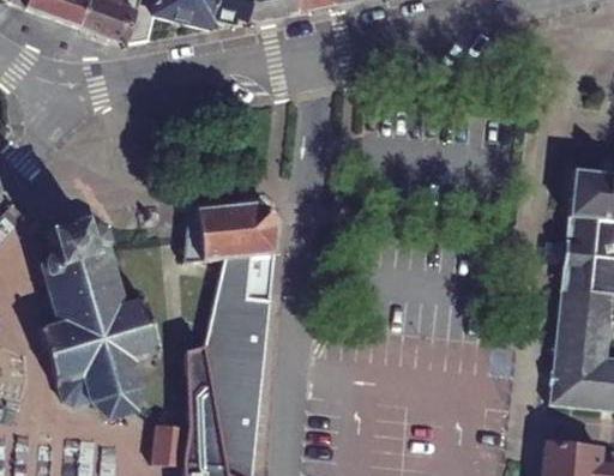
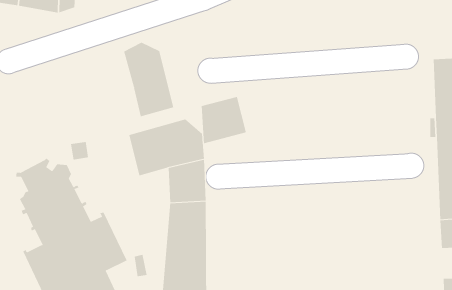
building: none -> [123,42,174,117]
building: none -> [201,96,246,144]

